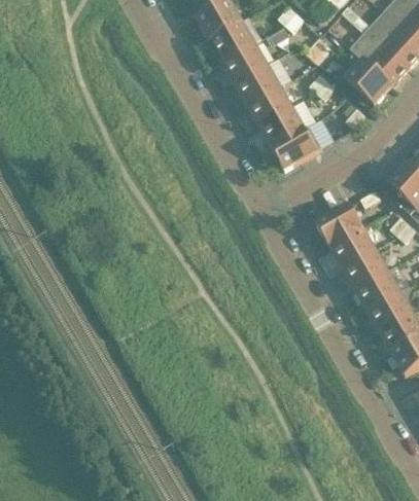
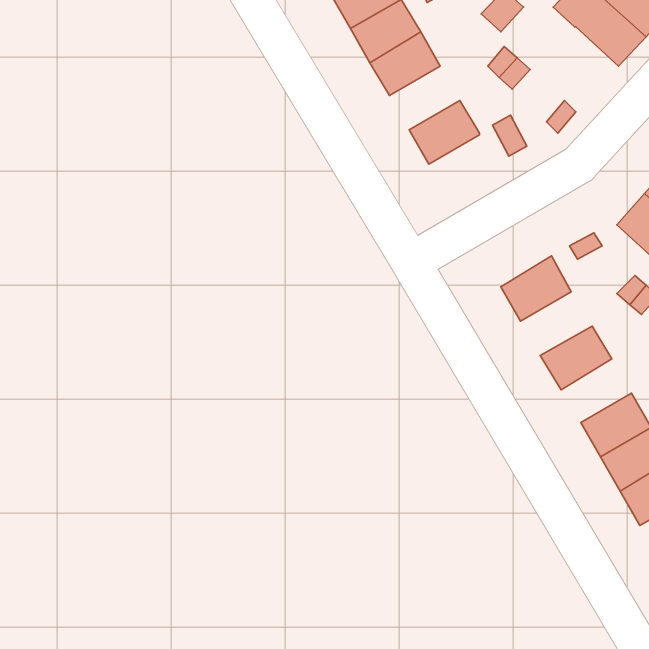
building: [347,62,391,105] -> none
building: [247,86,291,127] -> none
building: [272,126,322,170] -> none
building: [329,228,375,269] -> none
building: [355,271,399,311] -> none

